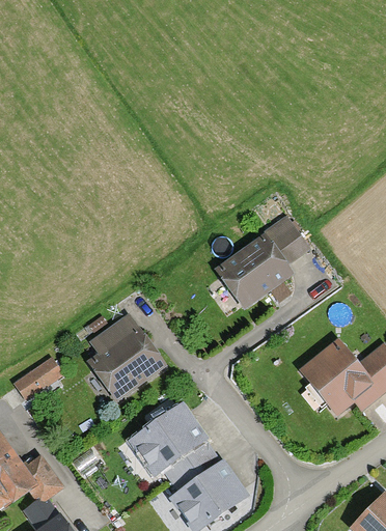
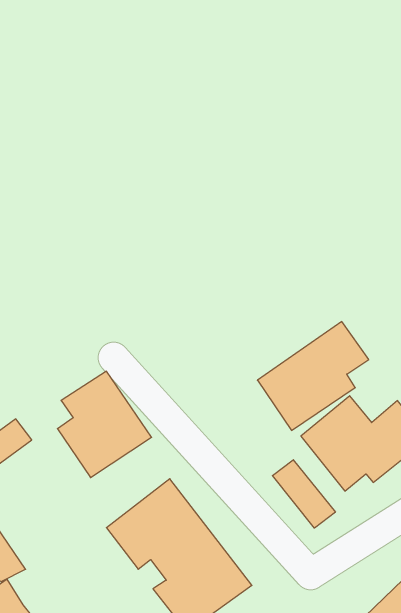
building: [217,219,311,311] -> [257,322,369,430]
building: none -> [272,460,335,528]

